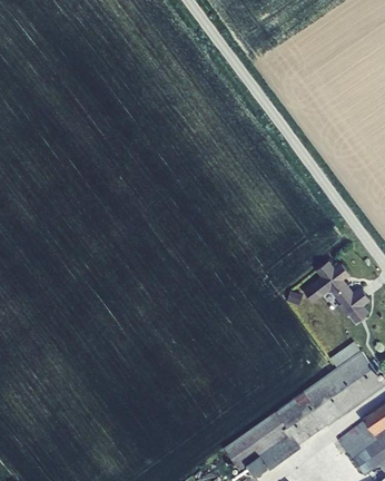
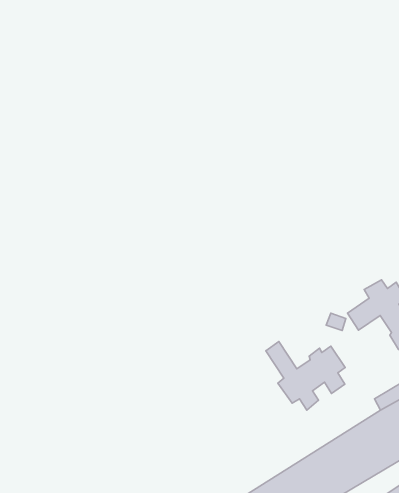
building: none -> [266,341,345,410]

